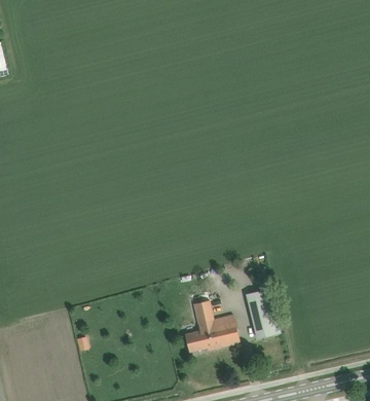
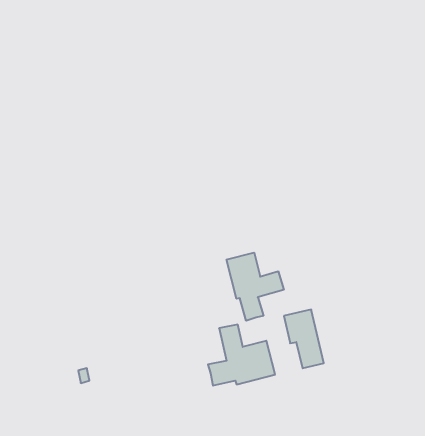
building: none -> [227,253,284,321]

